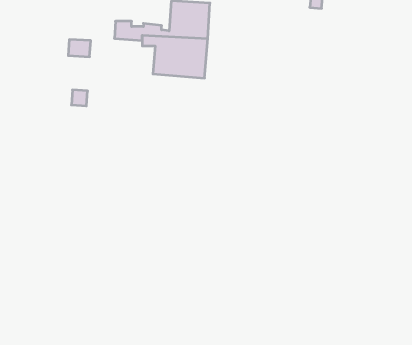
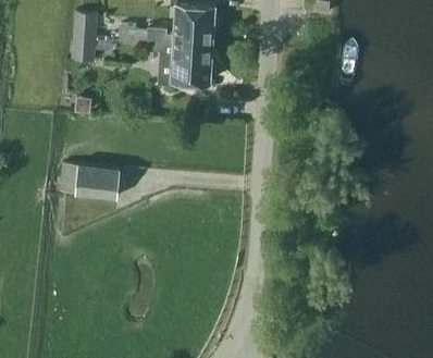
building: none -> [73,13,97,46]
building: none -> [60,164,120,199]

